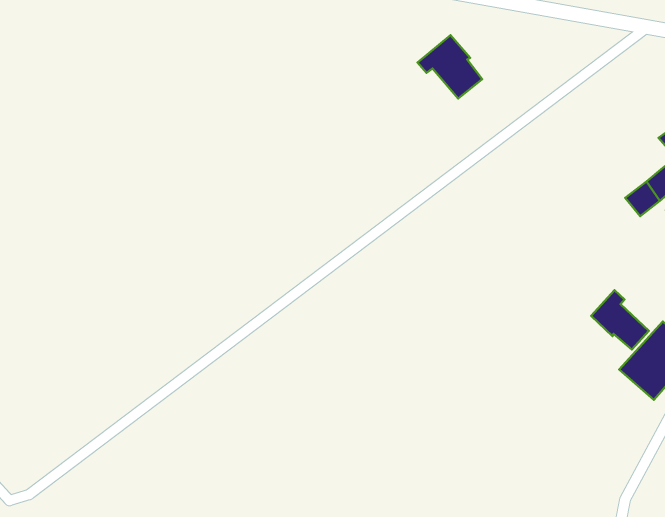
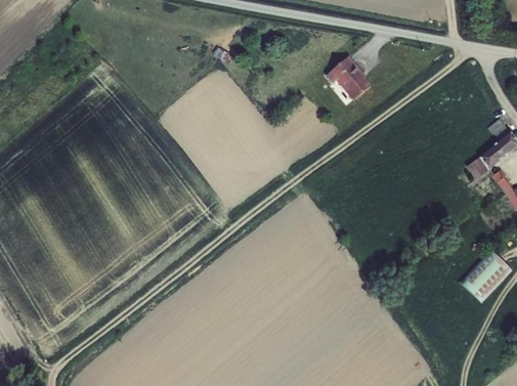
building: [591,290,649,350] -> none

